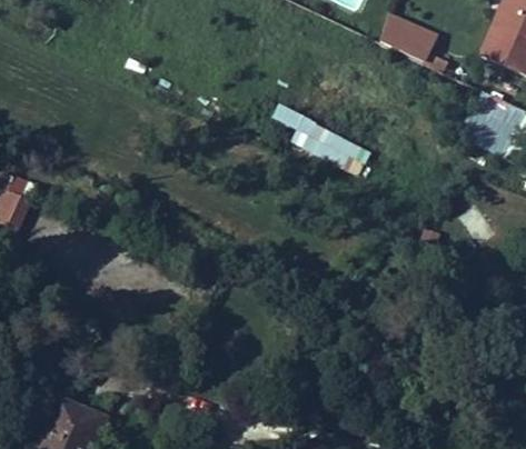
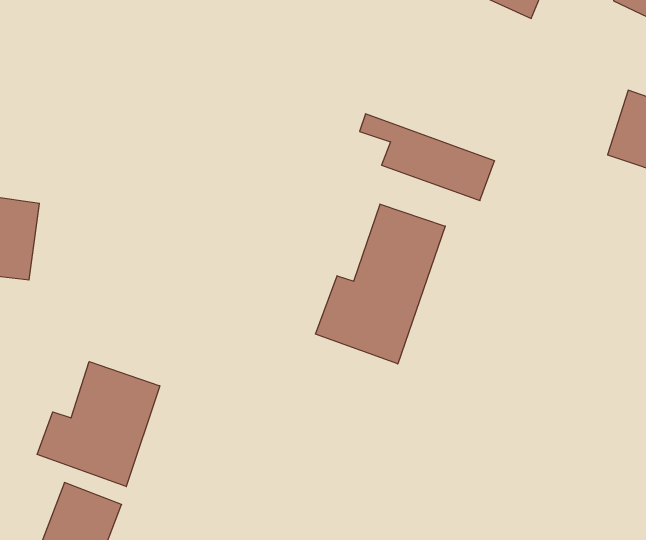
building: none -> [315,204,445,364]
building: none -> [37,362,160,487]

